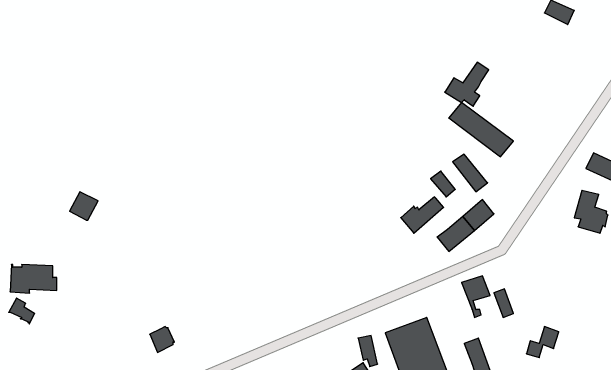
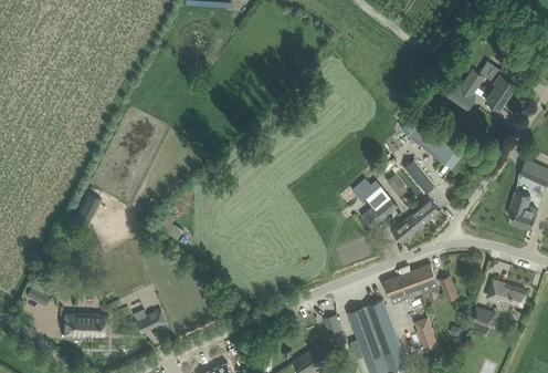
building: none -> [486,65,516,108]
building: [445,62,489,106] -> [445,70,483,107]
building: none -> [351,178,389,208]
building: [10,265,57,293] -> [63,314,103,339]
building: none -> [383,270,421,301]
building: none -> [487,280,526,308]

